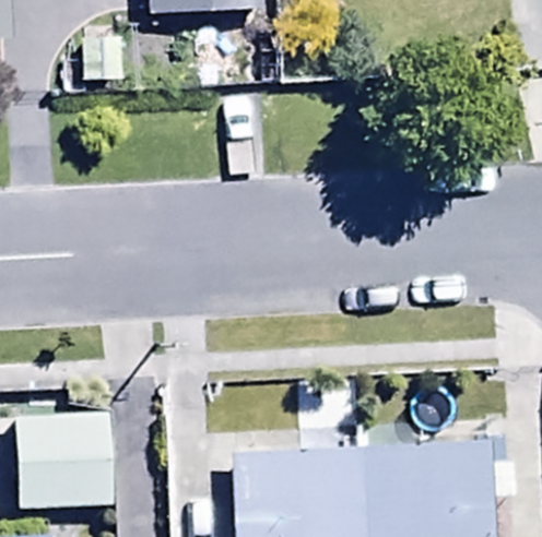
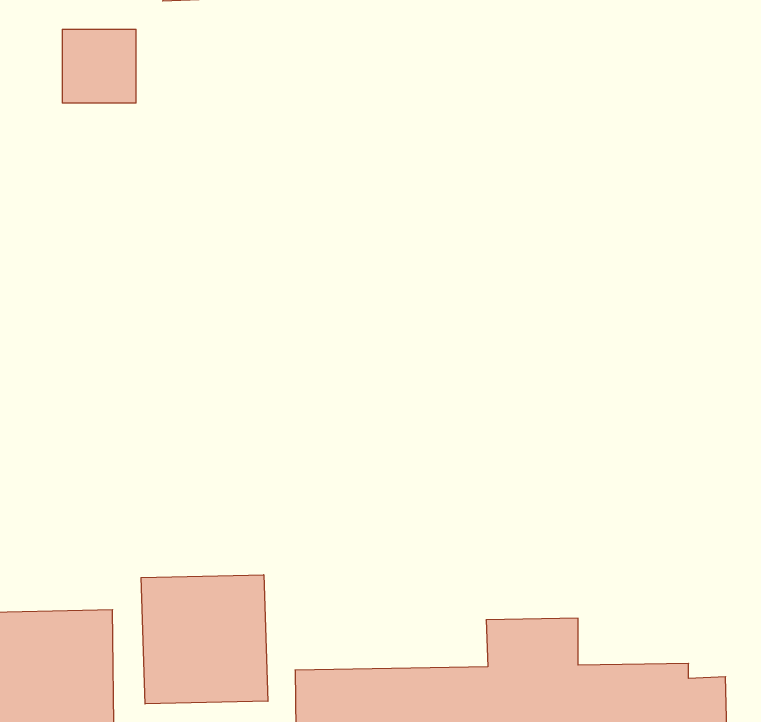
building: none -> [141,575,268,704]

